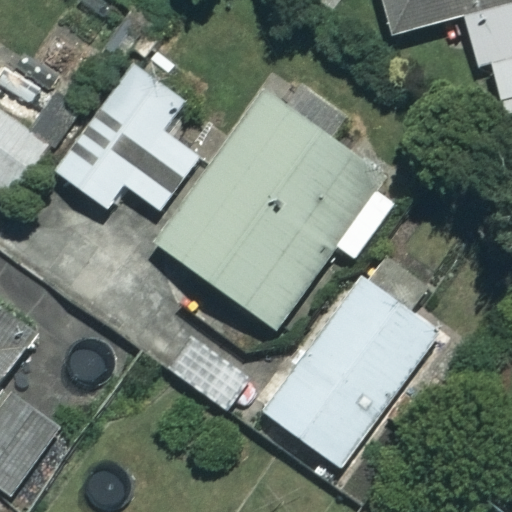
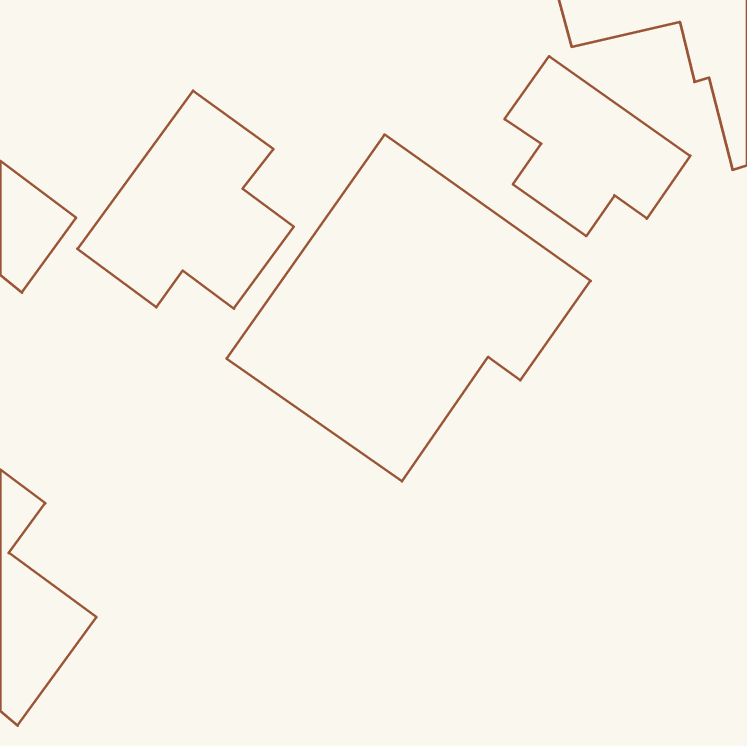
building: none -> [505,56,690,236]
building: [258,273,439,467] -> none

